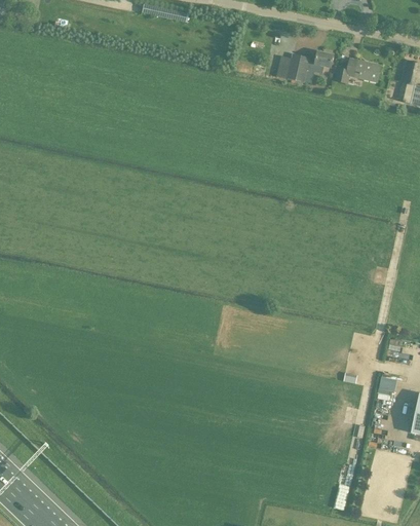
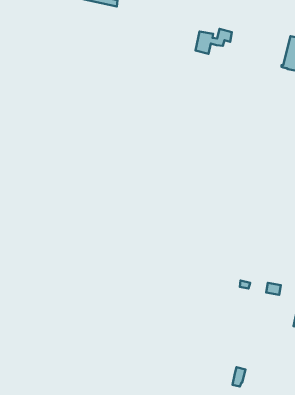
building: [336,58,381,82] -> none

